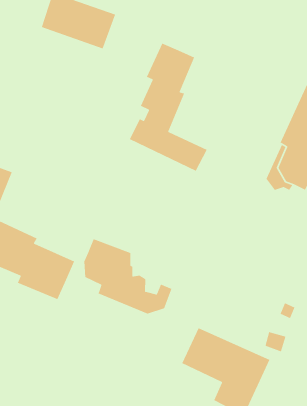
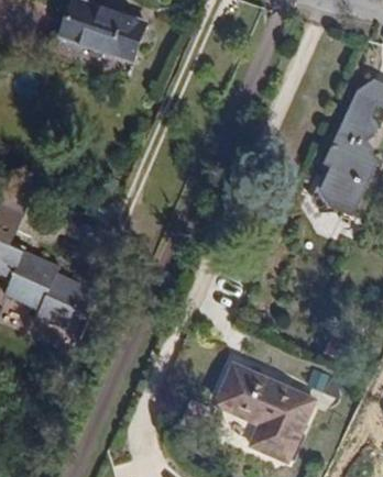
building: [129,43,208,172] -> none
building: [83,238,173,314] -> none

